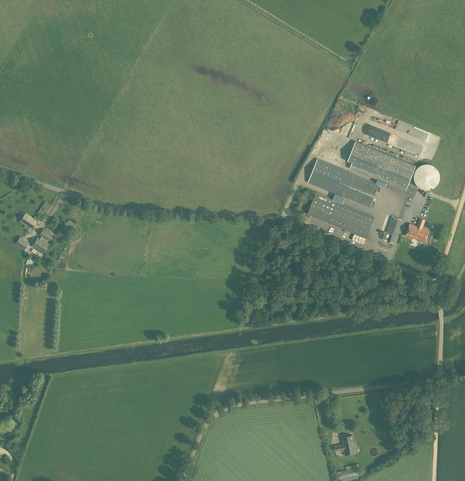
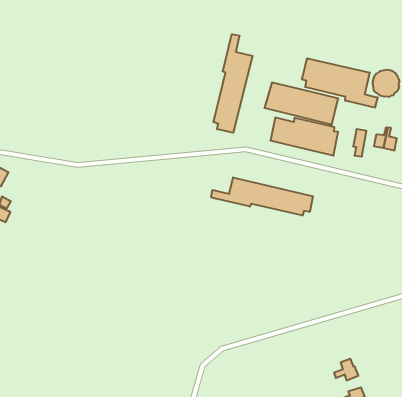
building: none -> [213,34,253,133]
building: none -> [211,177,313,216]

